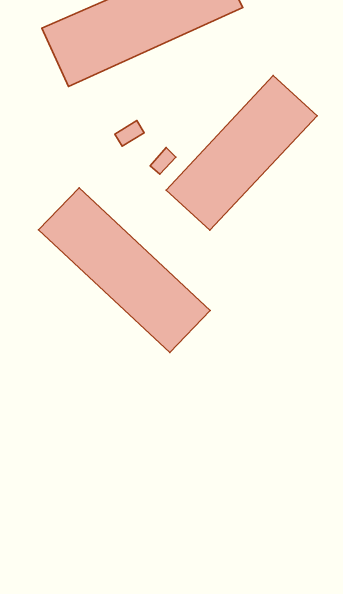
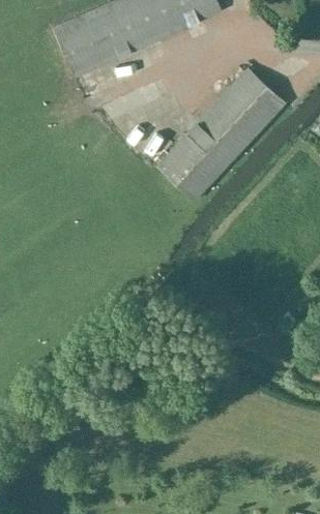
building: [39,188,210,353] -> none

